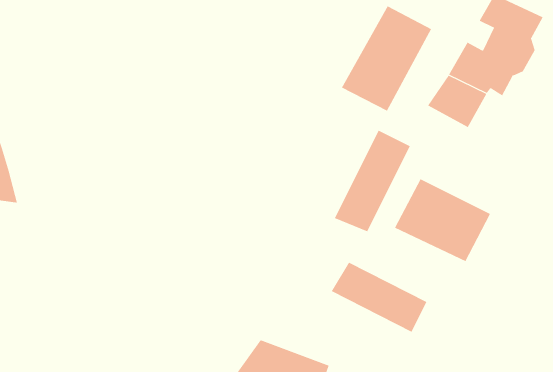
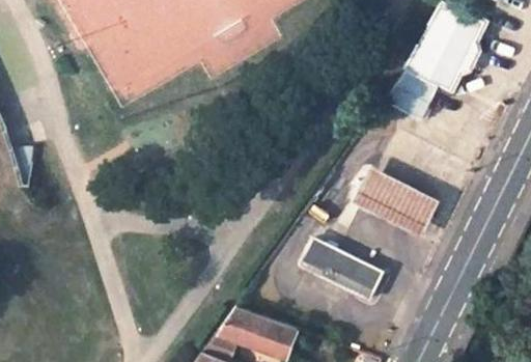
building: [341,5,432,111] -> none
building: [334,130,410,232] -> none

